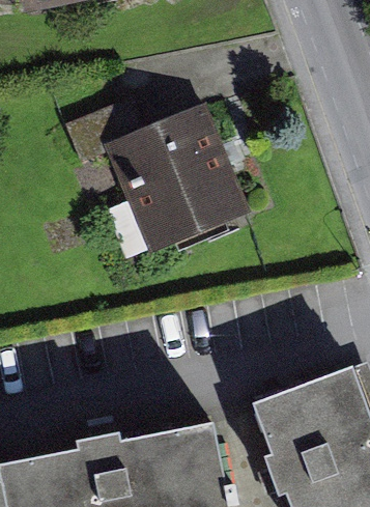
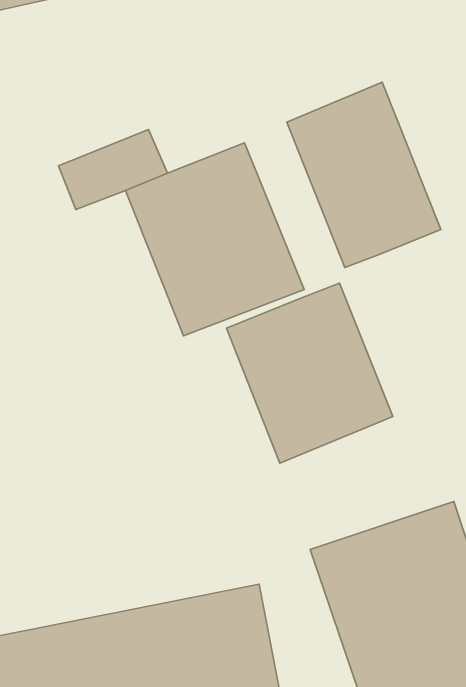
building: none -> [287,82,441,268]
building: none -> [226,283,393,463]

